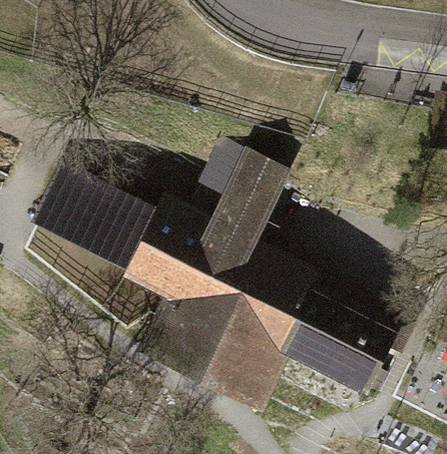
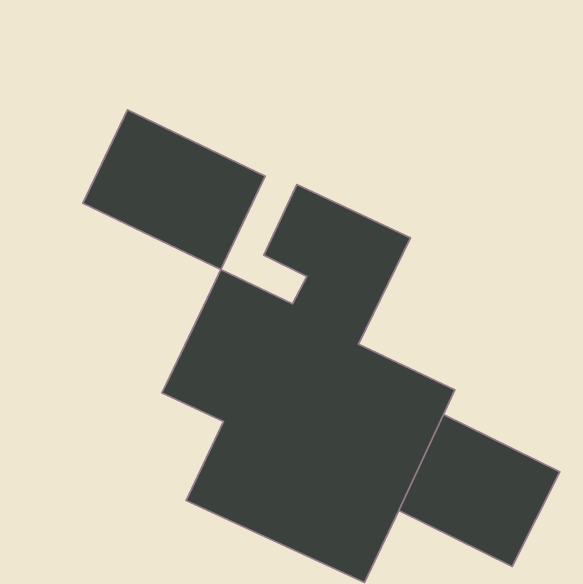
building: [28,161,155,273] -> [83,110,265,269]

